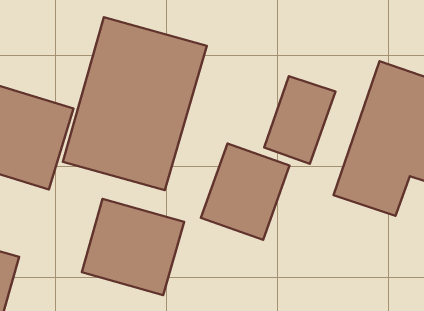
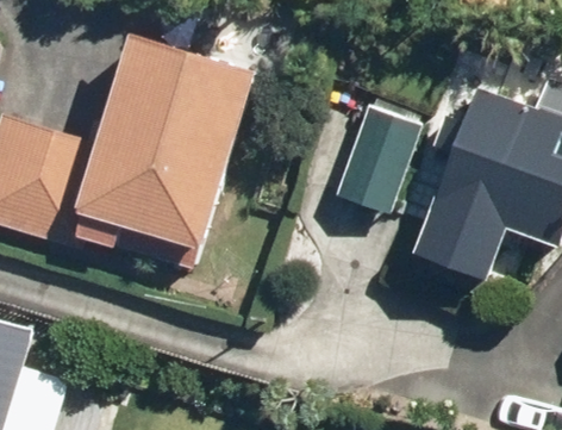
building: [201,143,290,240] -> none
building: [82,199,184,295] -> none

